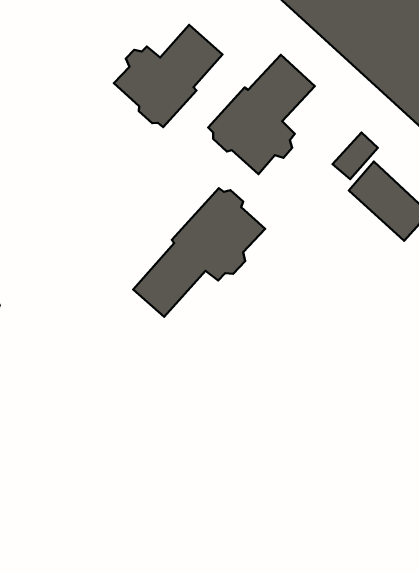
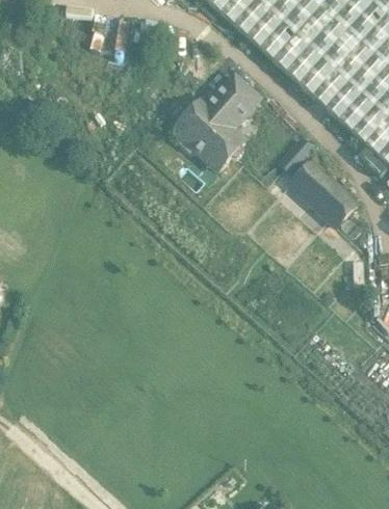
building: [114,25,223,127] -> none
building: [133,188,265,317] -> none

